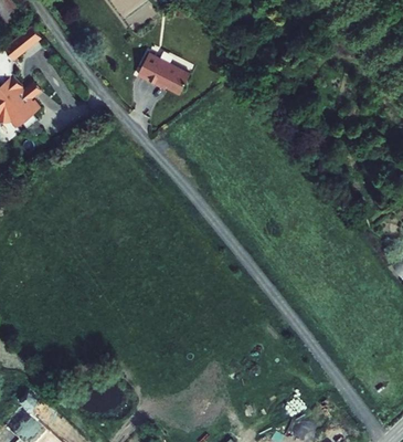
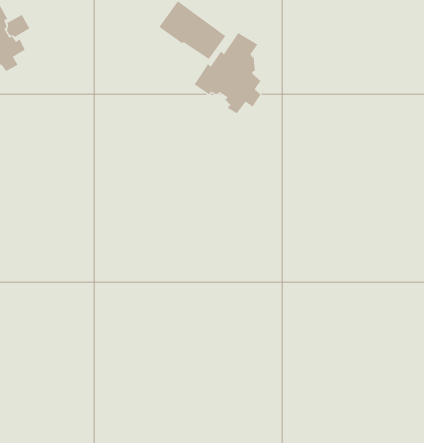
building: none -> [194,32,261,114]

